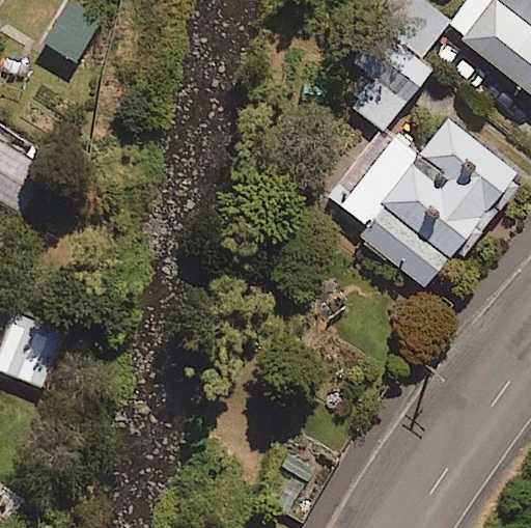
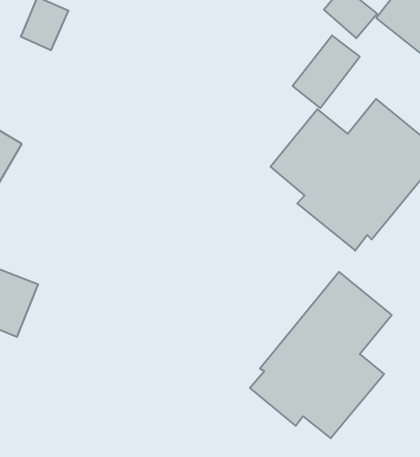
building: none -> [250,272,392,438]

